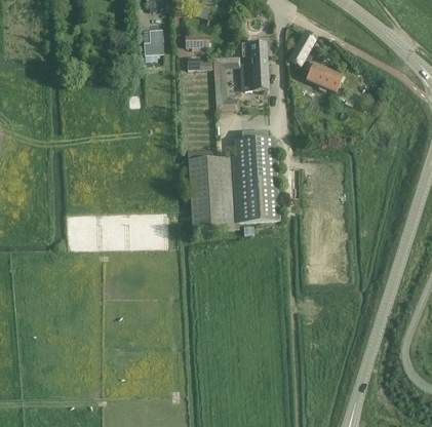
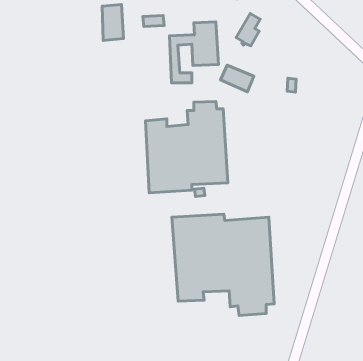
building: [306,63,343,92] -> [221,65,254,92]
building: none -> [172,214,274,316]

